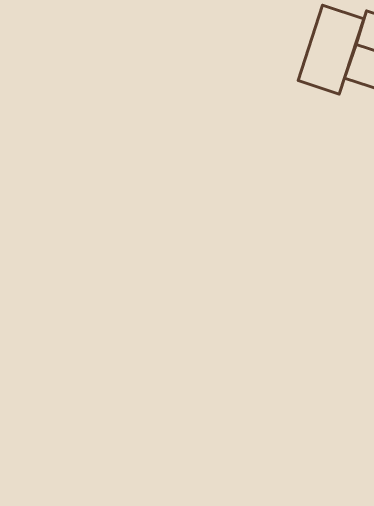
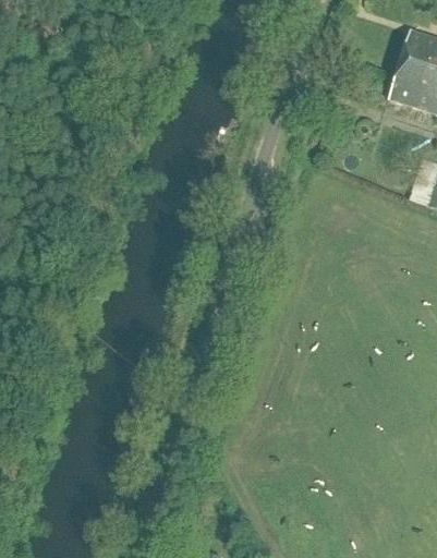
building: [298,5,364,94] -> none

